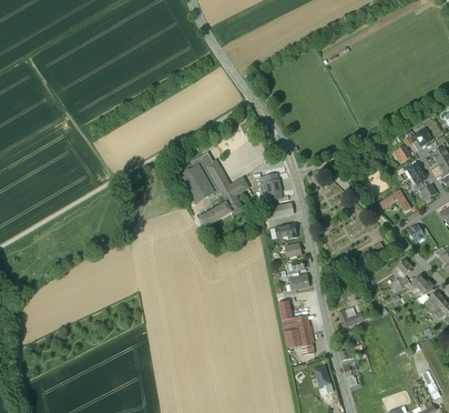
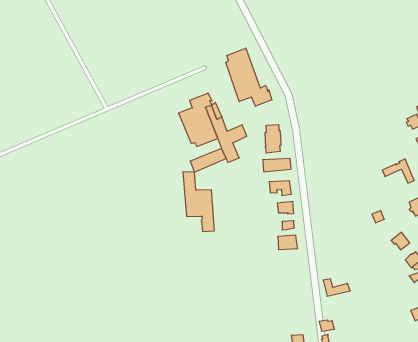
building: none -> [226,48,272,106]
building: [277,301,314,355] -> [183,172,214,232]

